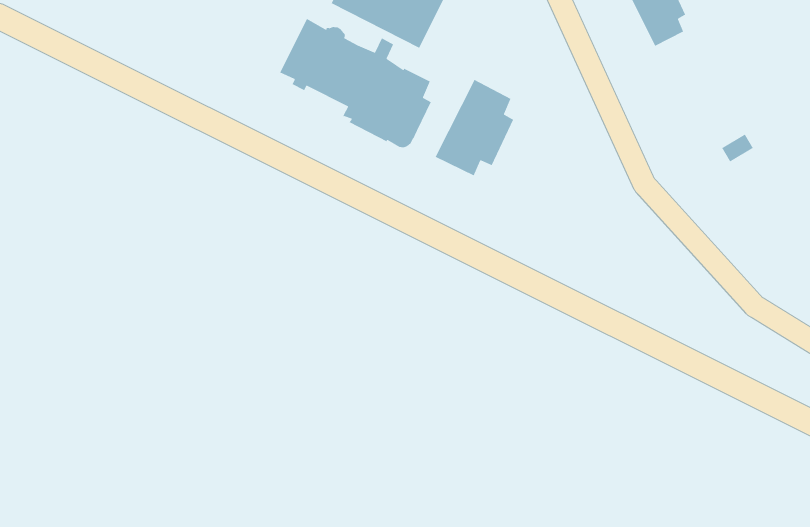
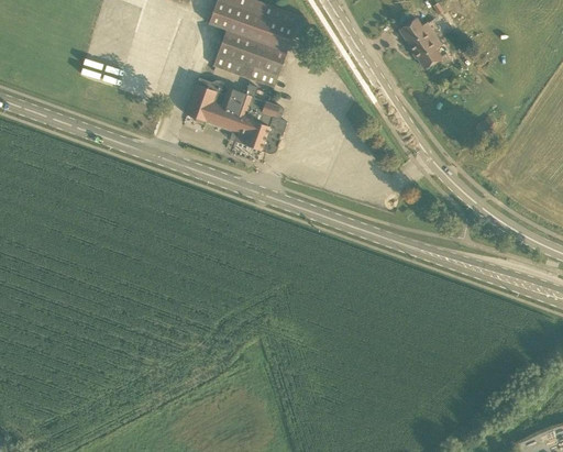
building: [435,79,514,177] -> none

